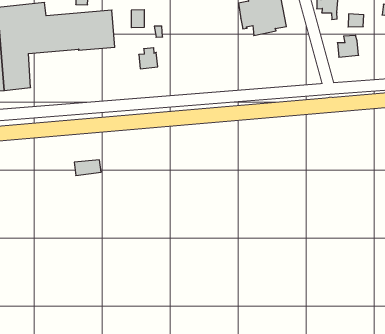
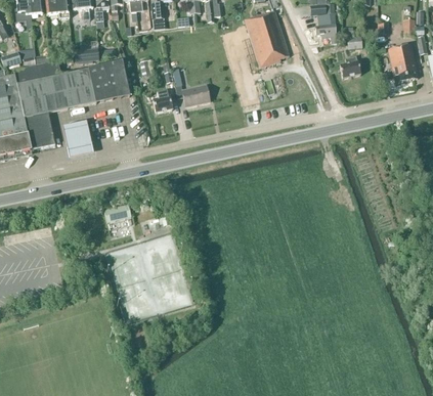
building: none -> [175,83,209,104]
building: none -> [61,121,92,158]

